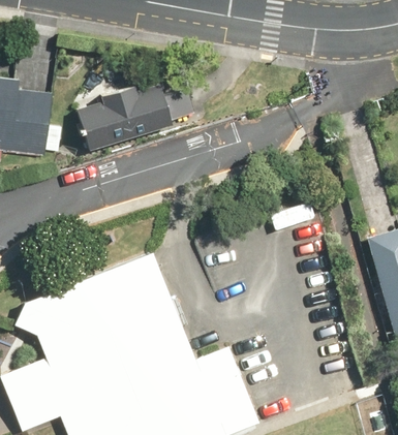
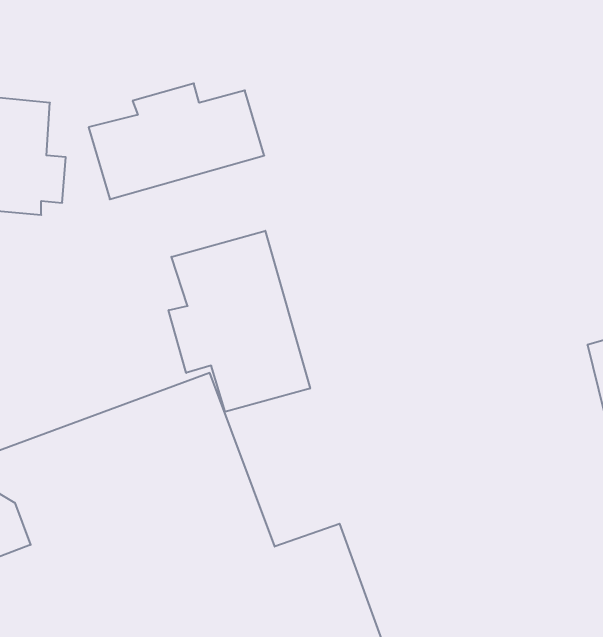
building: none -> [169,231,310,412]

